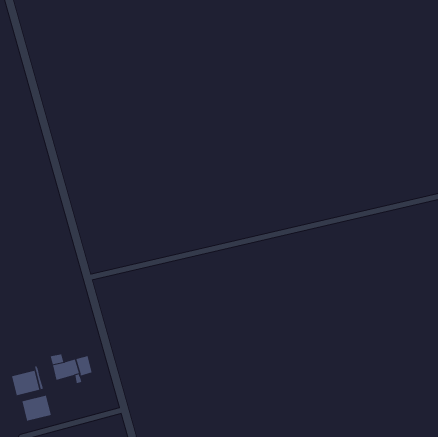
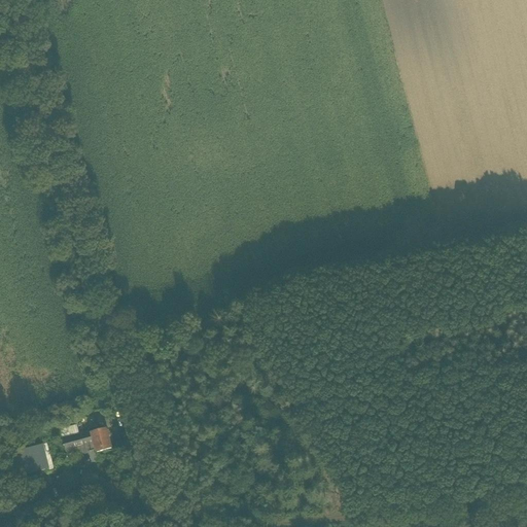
building: [22,395,51,421] -> none

